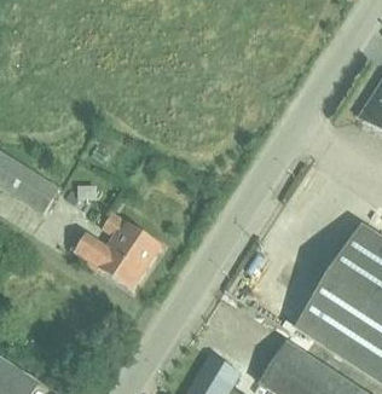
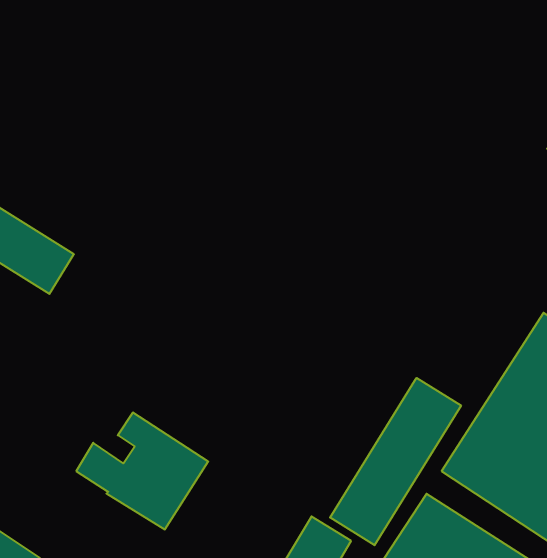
building: [75,212,160,286] -> [76,413,208,529]
building: none -> [330,378,461,545]

